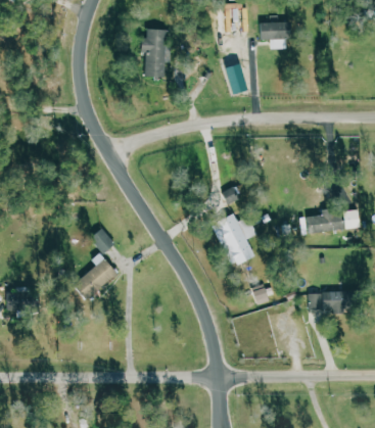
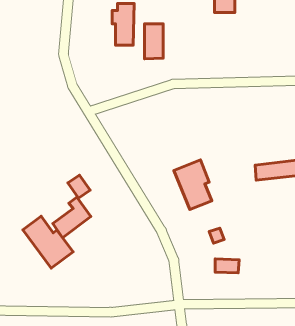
building: none -> [144,24,163,59]
building: none -> [23,216,73,268]
building: [310,293,337,310] -> [215,259,239,273]

